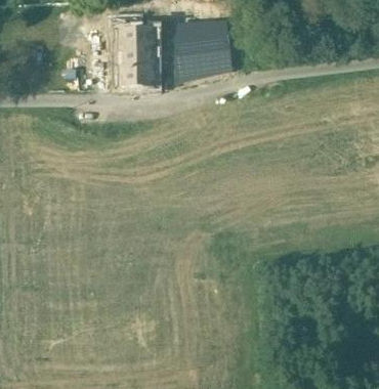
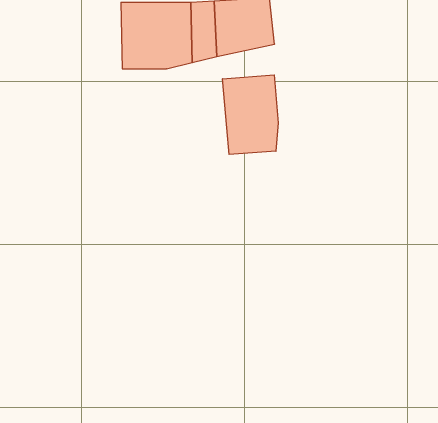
building: none -> [223,75,278,154]

